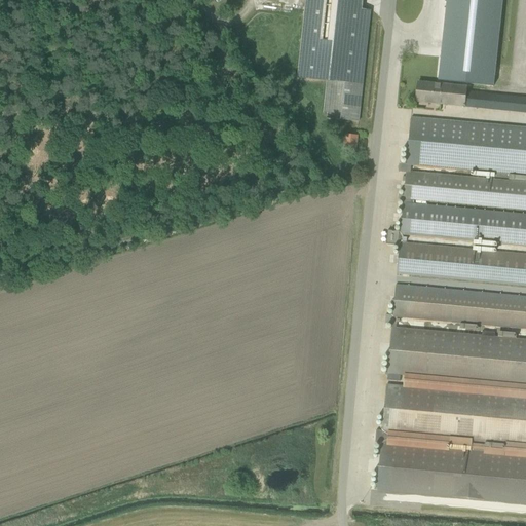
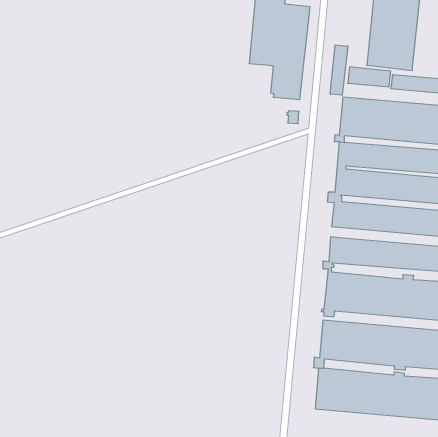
building: none -> [330,45,348,95]

